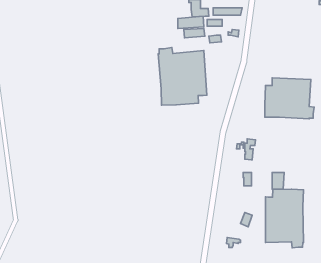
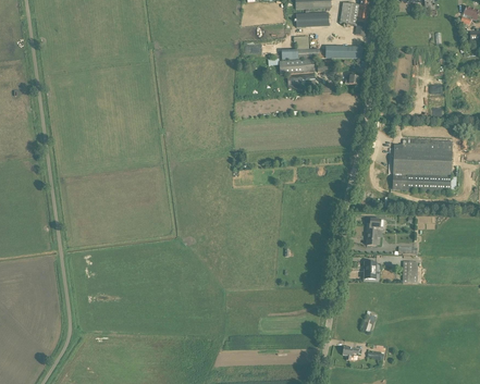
building: [158,48,207,105] -> none
building: [265,189,303,248] -> none

